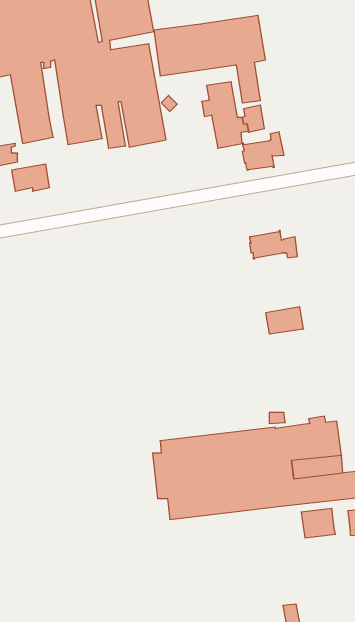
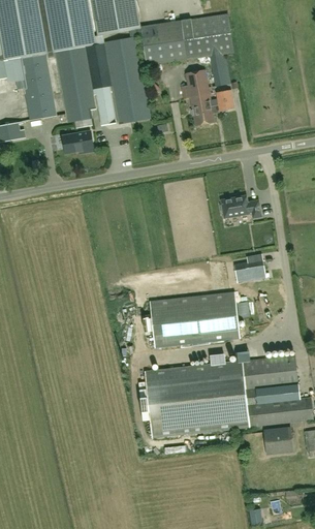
building: [242,132,284,170] -> none
building: [12,164,50,191] -> [62,130,94,153]
building: none -> [144,291,241,347]

